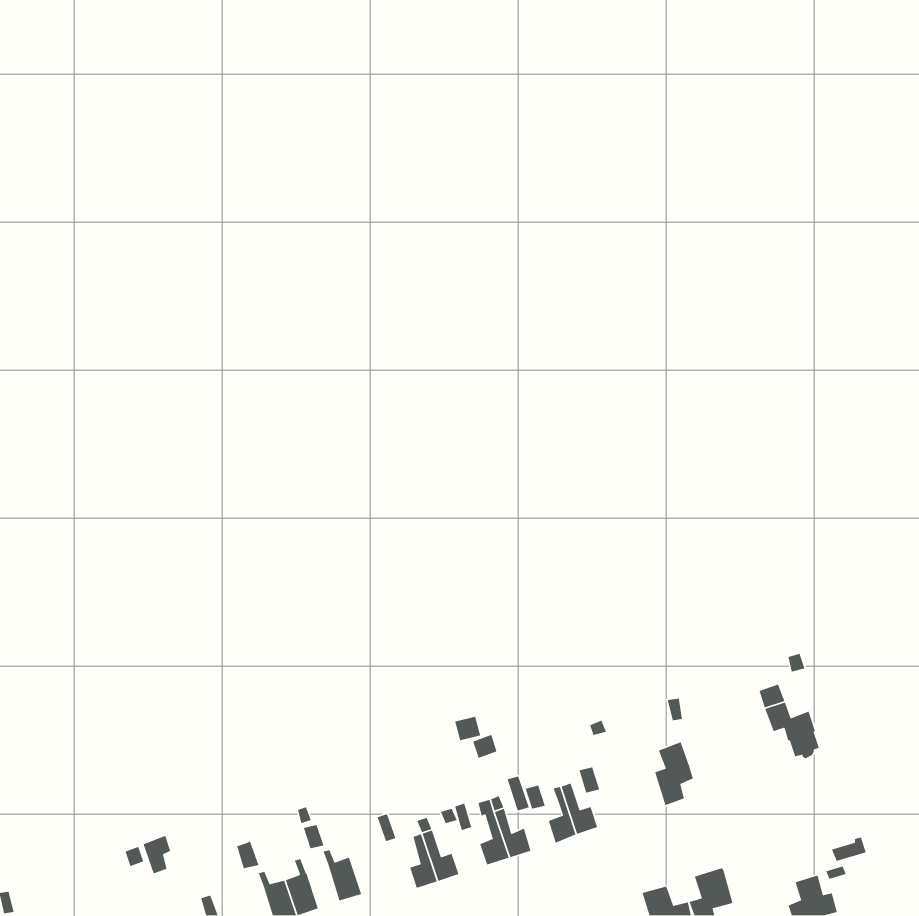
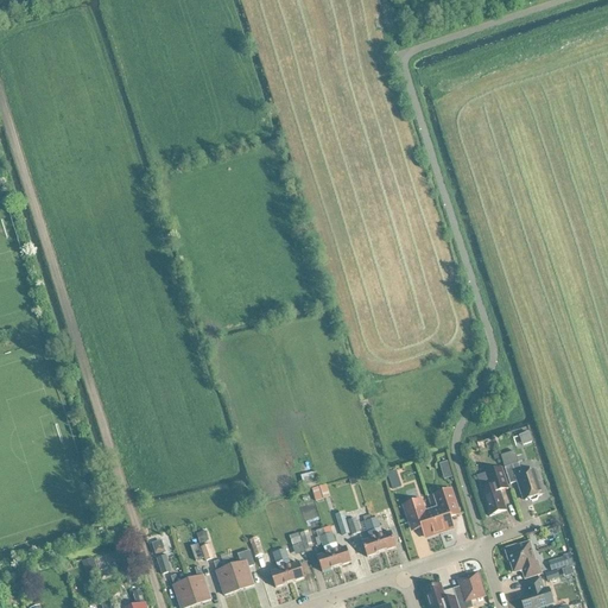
building: none -> [477,467,507,514]
building: none -> [404,499,438,536]
building: none -> [505,542,540,577]
building: none -> [230,549,254,589]

